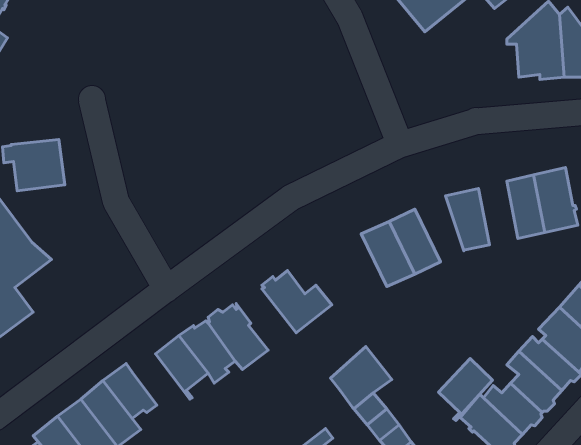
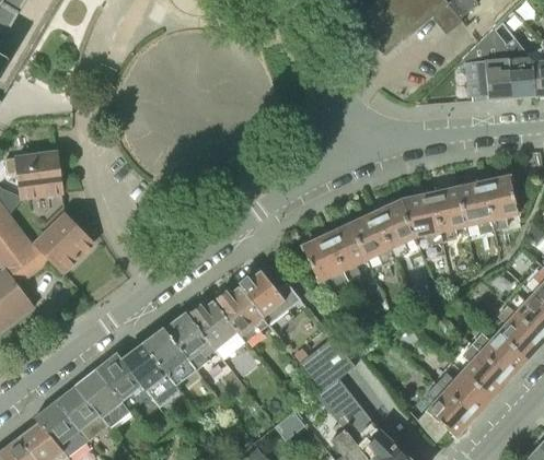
building: none -> [432,188,467,245]
building: none -> [375,201,419,260]
building: none -> [33,213,93,271]
building: none -> [302,235,350,290]
building: none -> [216,284,269,342]
building: none -> [123,342,174,400]
building: [439,359,493,420] -> none

